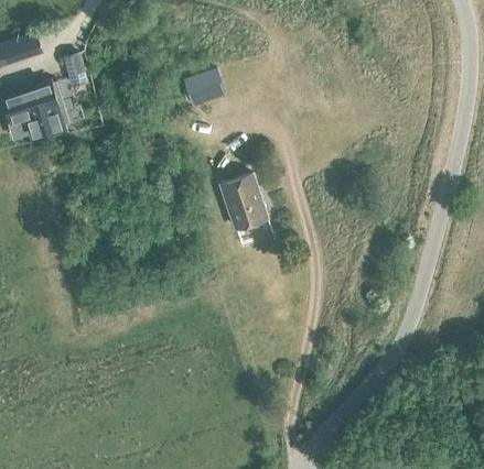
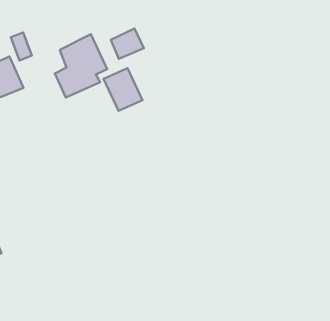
building: none -> [55,34,107,97]
building: [223,174,269,227] -> [103,68,142,111]

